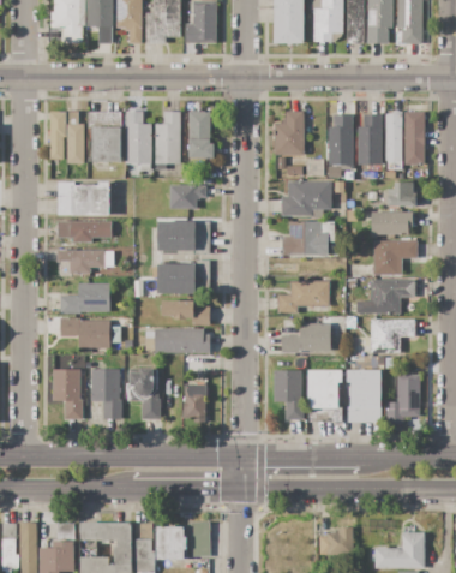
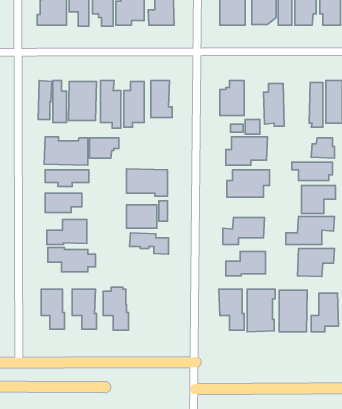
building: [355,114,382,163] -> none
building: [169,184,205,209] -> [90,138,119,158]
building: [145,328,210,353] -> none
building: [182,381,206,422] -> none

